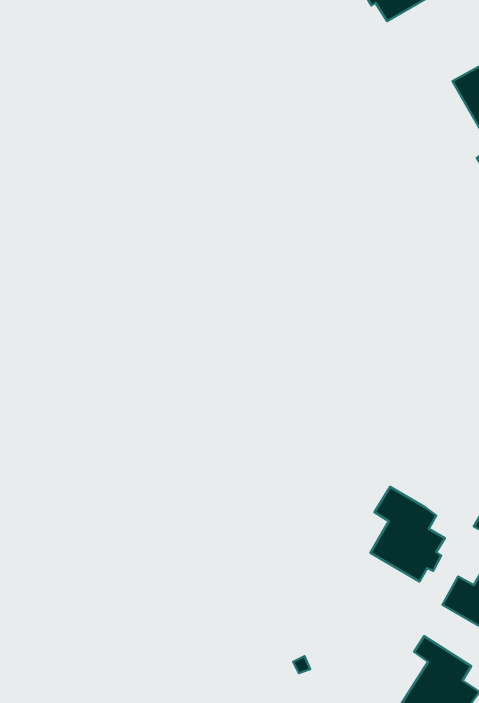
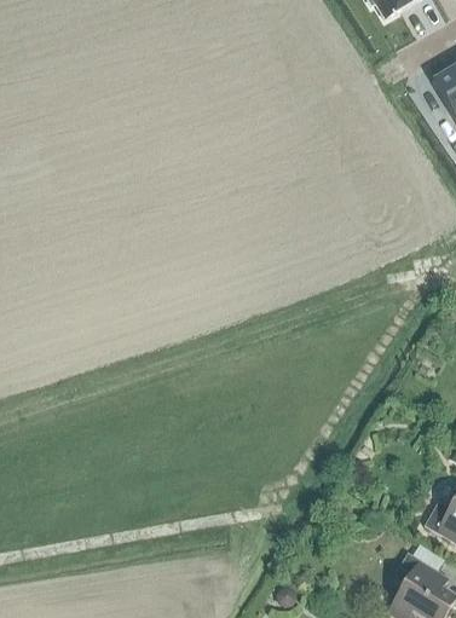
building: [371,487,445,581] -> none

